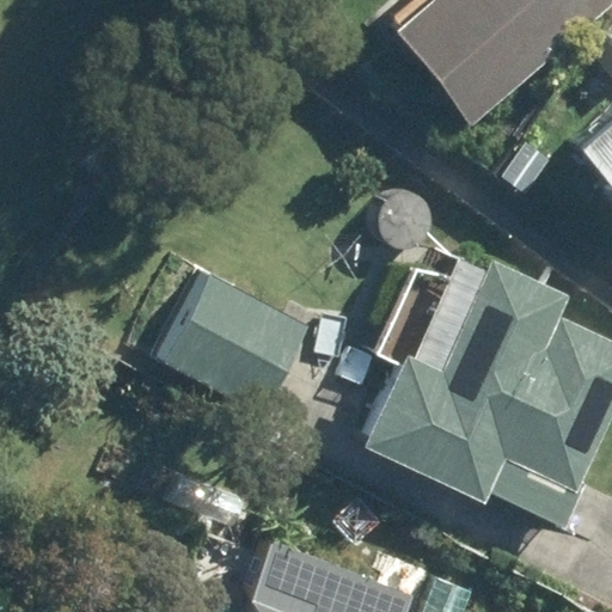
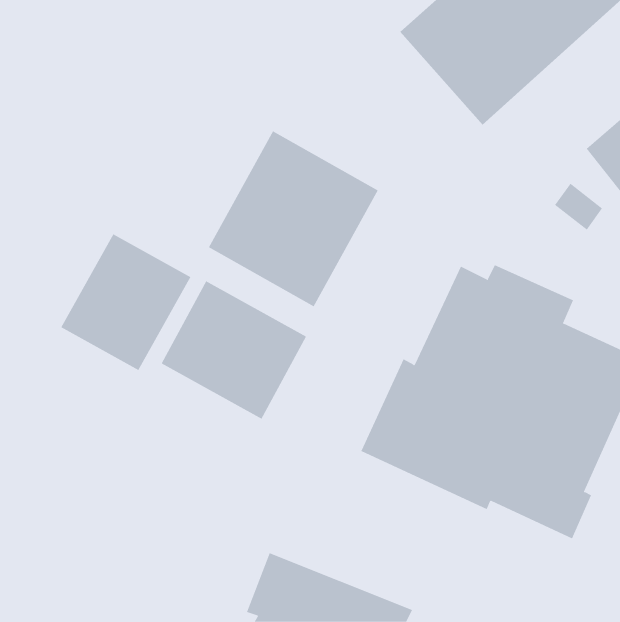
building: none -> [208,131,379,307]
building: none -> [60,234,191,371]

